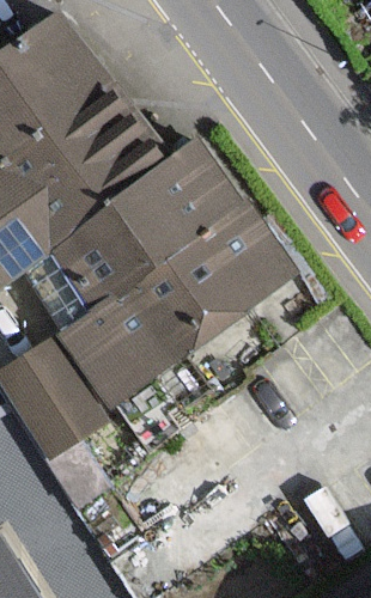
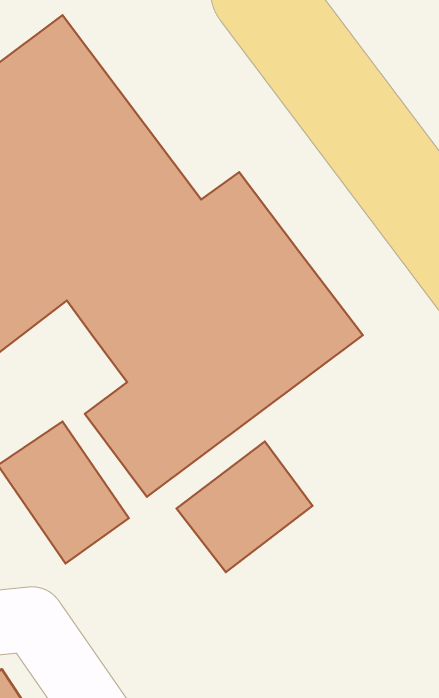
building: none -> [177,442,312,572]

